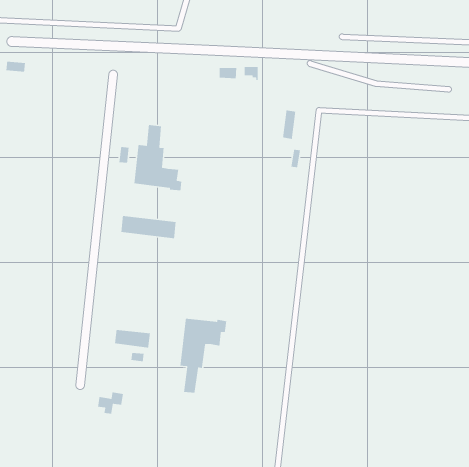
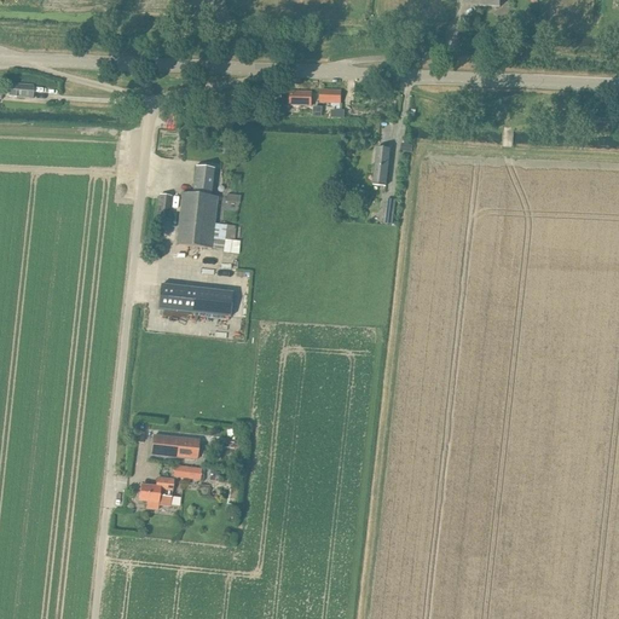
building: [179,318,227,394] -> none
building: [97,392,124,415] -> [139,476,174,507]

